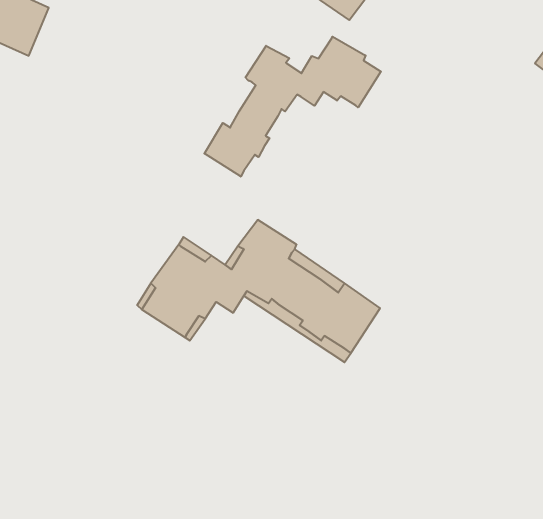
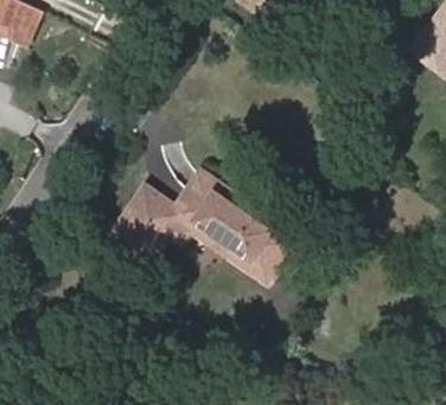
building: [204,37,381,177] -> none

